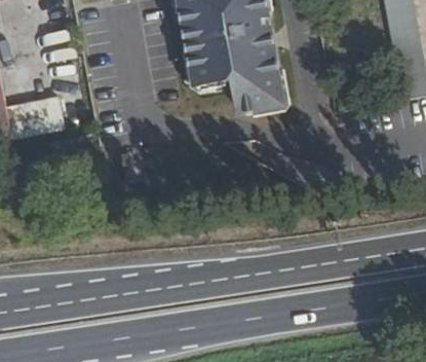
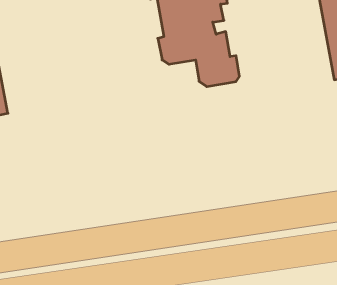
building: [8,98,64,140] -> none

